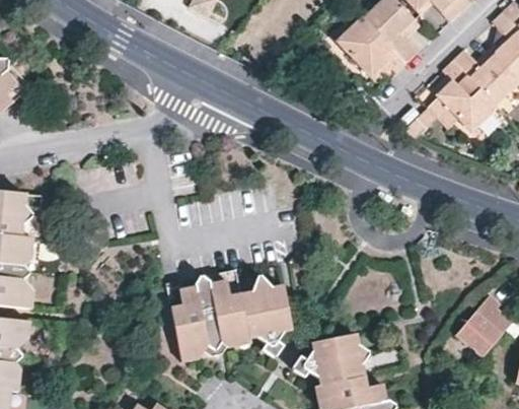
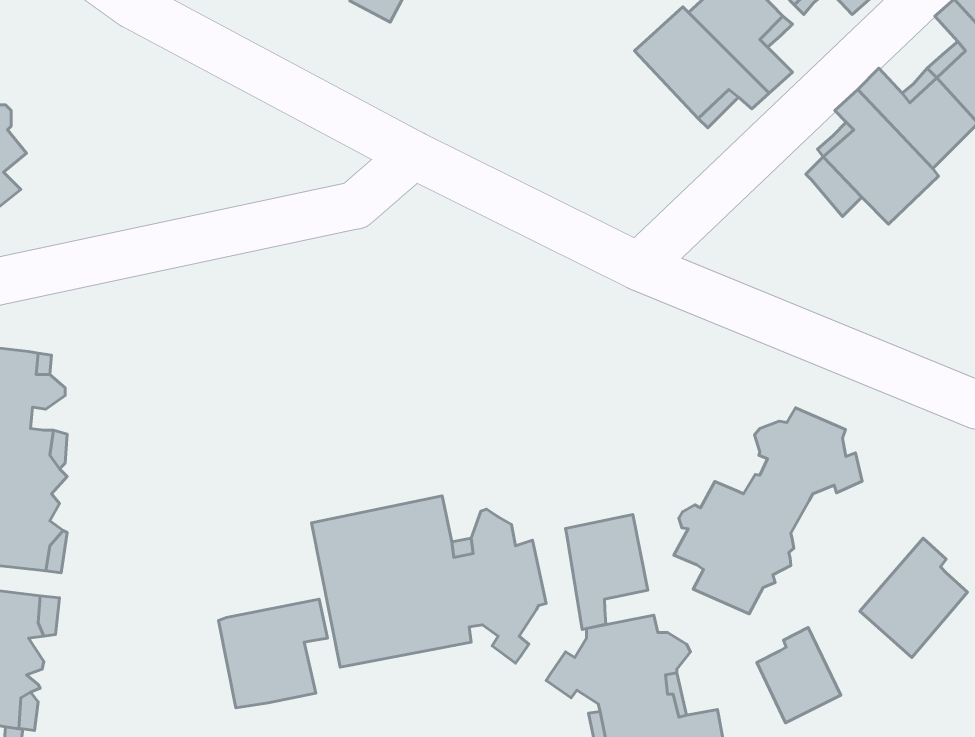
building: none -> [674,408,862,614]
building: none -> [566,514,648,630]
building: none -> [219,599,327,708]
building: none -> [757,627,841,723]

